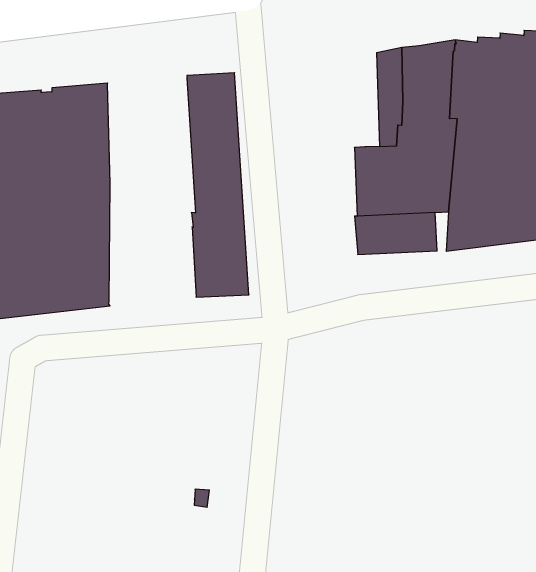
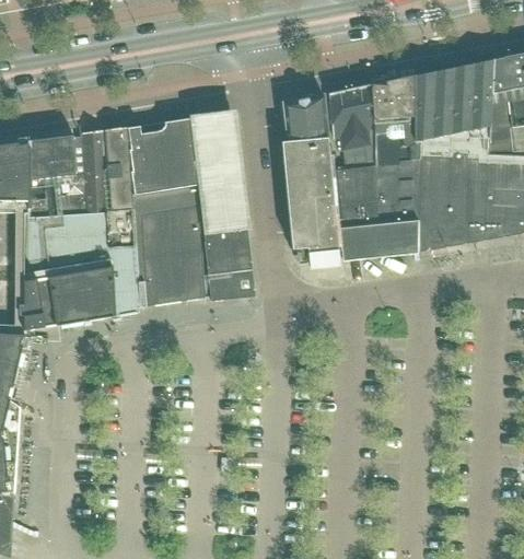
building: none -> [328,89,357,167]
building: none -> [282,94,339,265]
building: none -> [128,117,206,306]

